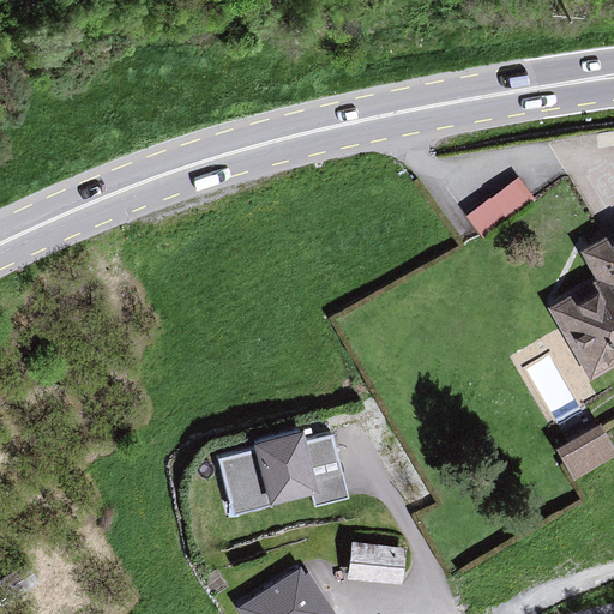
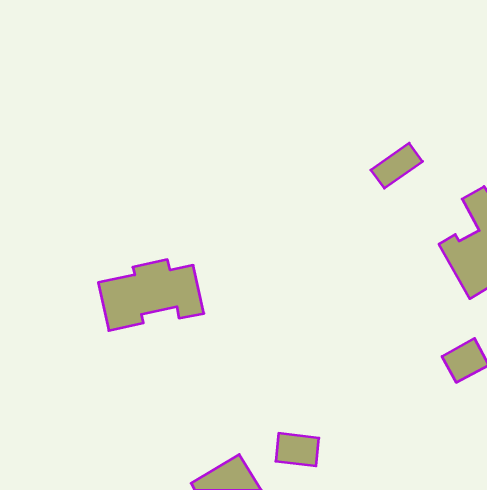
building: [213,429,345,518] -> [98,260,204,331]

